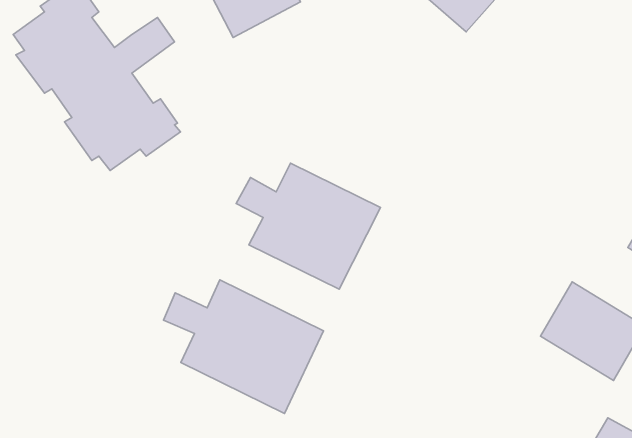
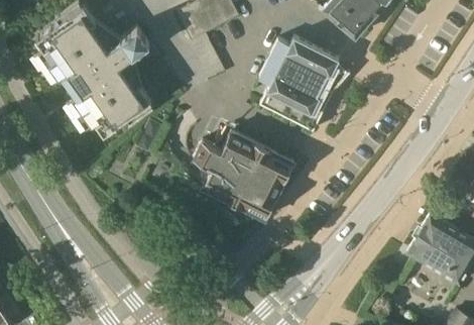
building: none -> [258,35,341,130]
building: [164,280,323,413] -> none

